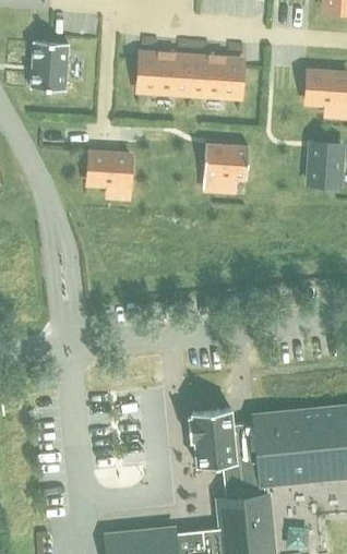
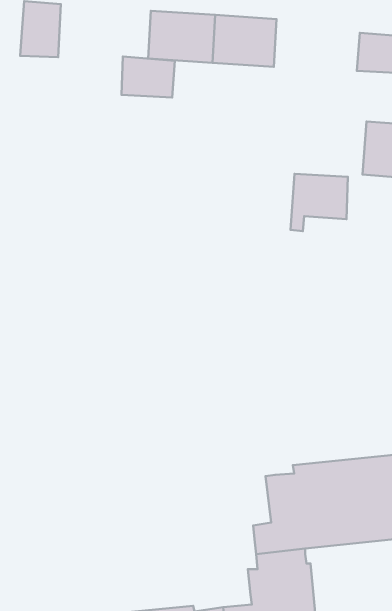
building: [203,145,249,191] -> [290,174,348,231]
building: [88,153,131,185] -> [122,57,175,98]
building: [188,409,237,467] -> none

